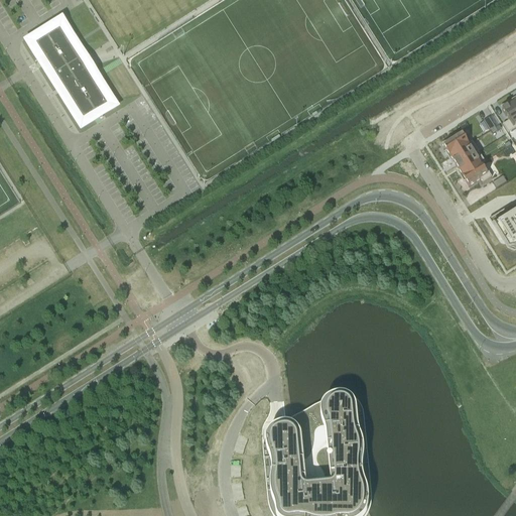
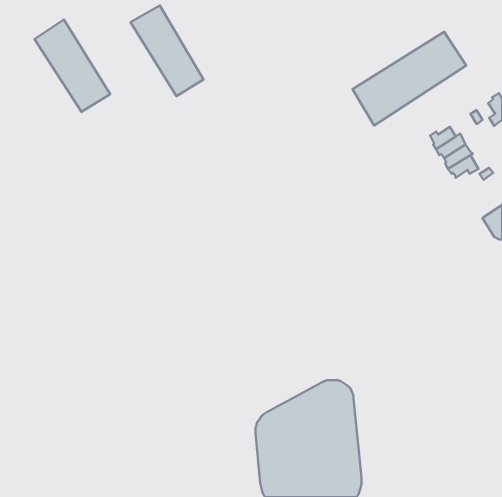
building: none -> [131,6,204,96]
building: none -> [352,32,466,125]

